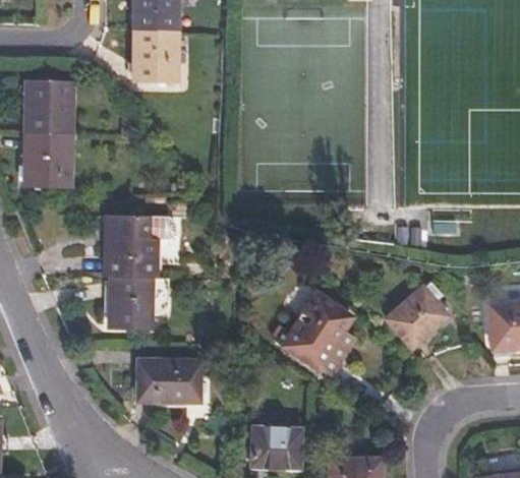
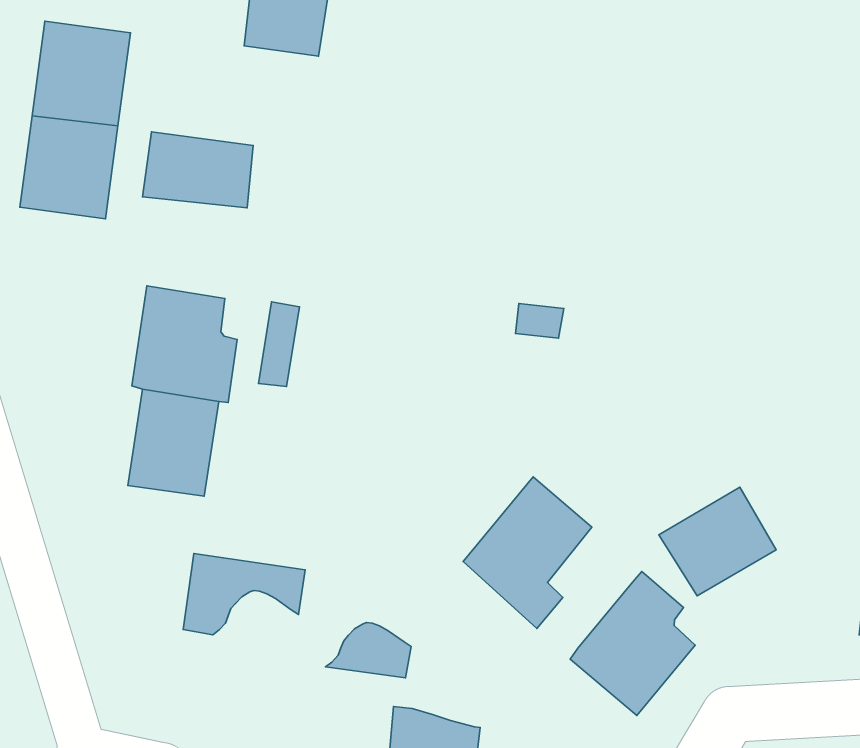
building: none -> [143,132,253,208]
building: none -> [570,572,695,715]
building: [154,373,198,401] -> [326,623,411,678]

